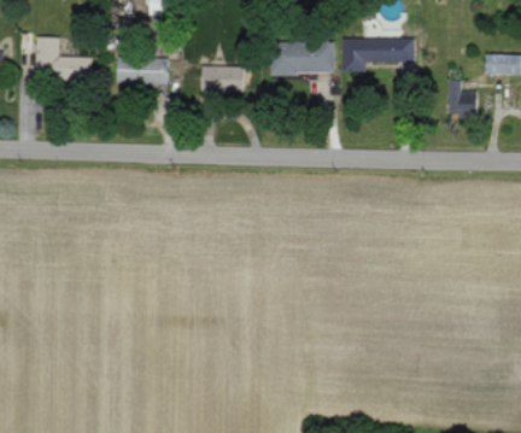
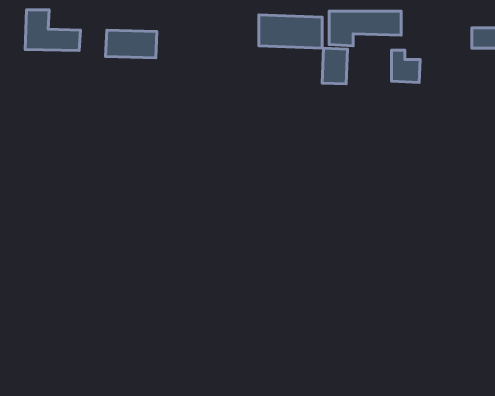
building: [200,66,242,92] -> none
building: none -> [322,48,347,84]
building: [447,82,476,115] -> [392,50,420,82]

